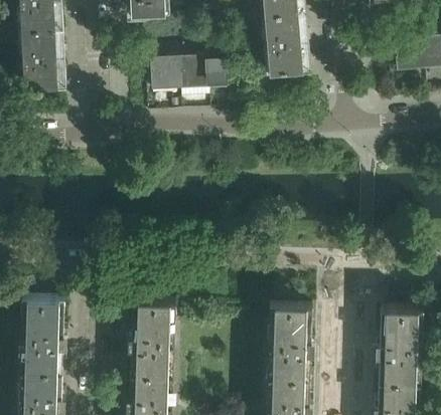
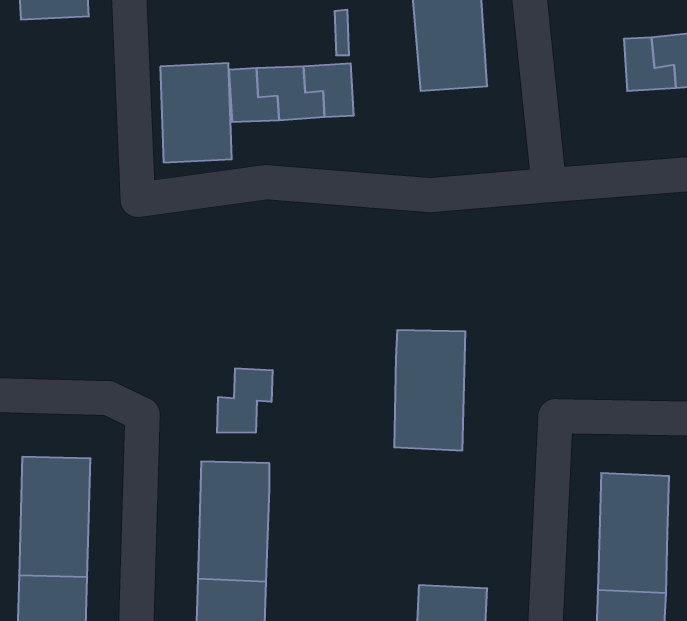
building: [19,23,63,84] -> [160,63,232,162]
building: none -> [217,368,273,433]
building: [266,302,310,377] -> [394,330,466,450]

